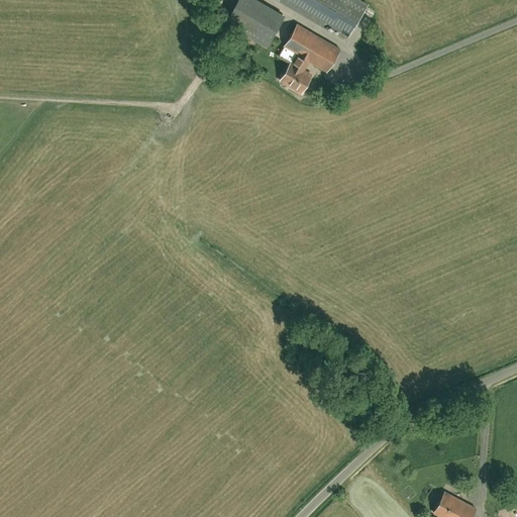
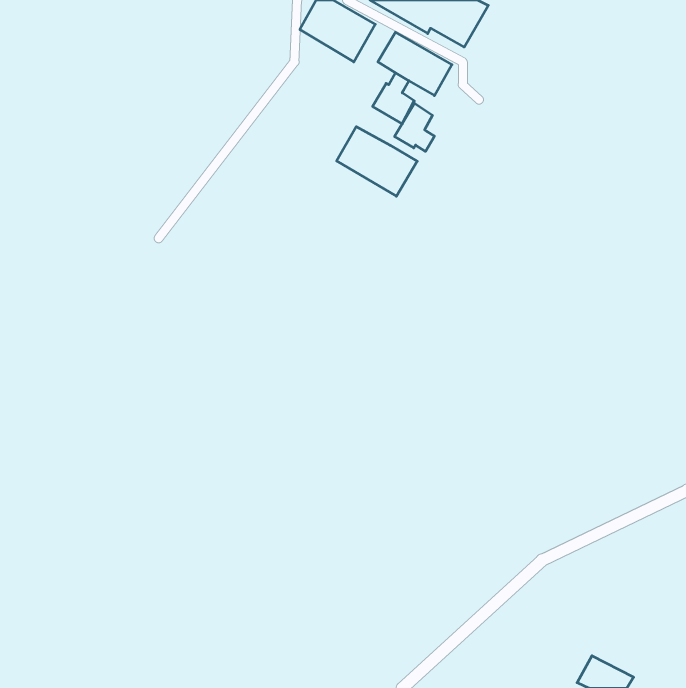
building: none -> [395,103,434,151]
building: none -> [337,127,417,196]

